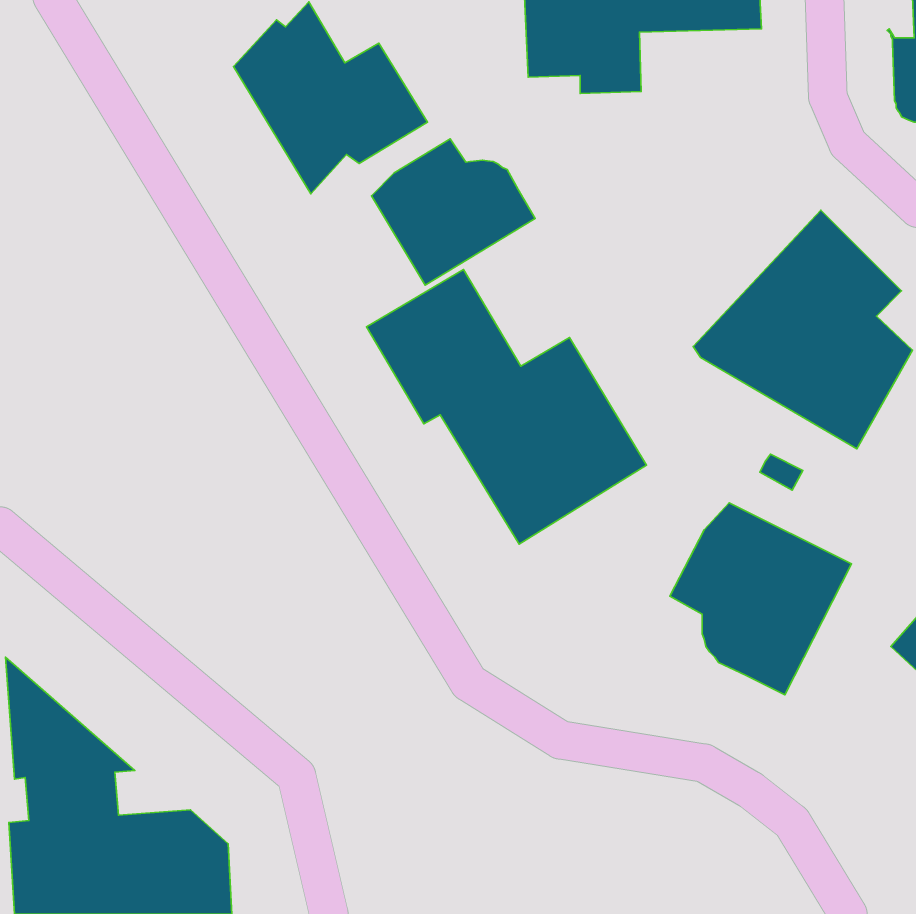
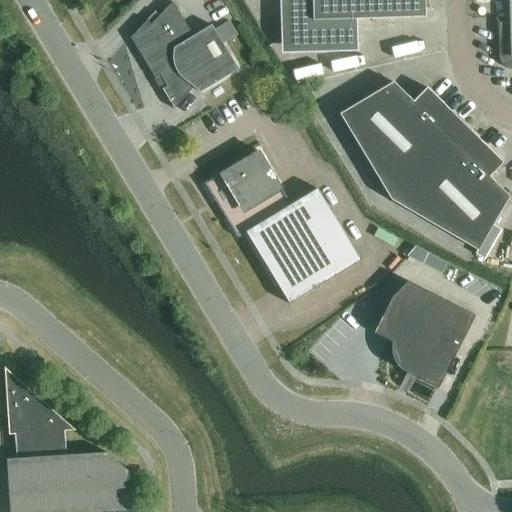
building: [372,139,535,285] -> none
building: none -> [340,81,458,193]

